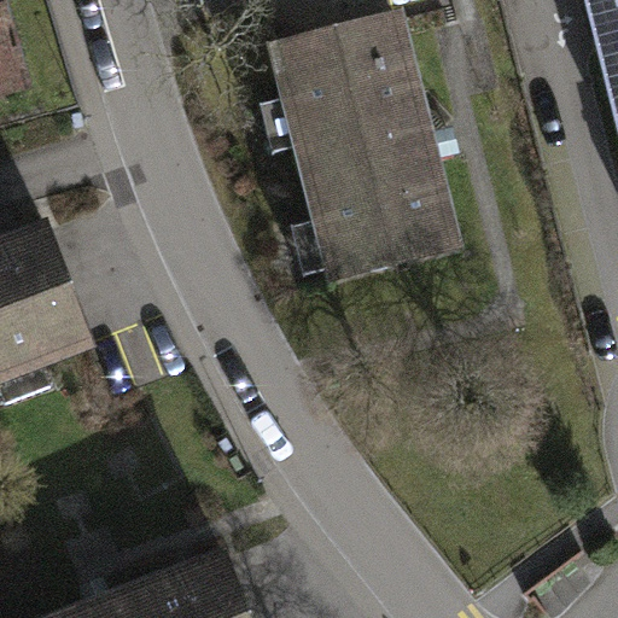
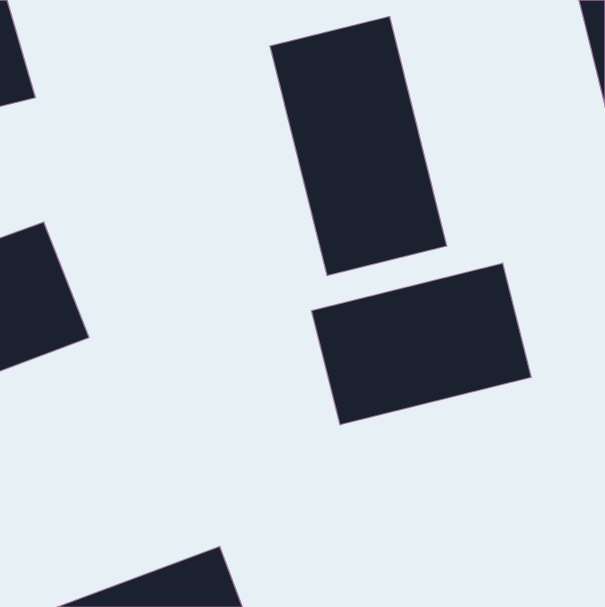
building: none -> [312,263,531,425]

